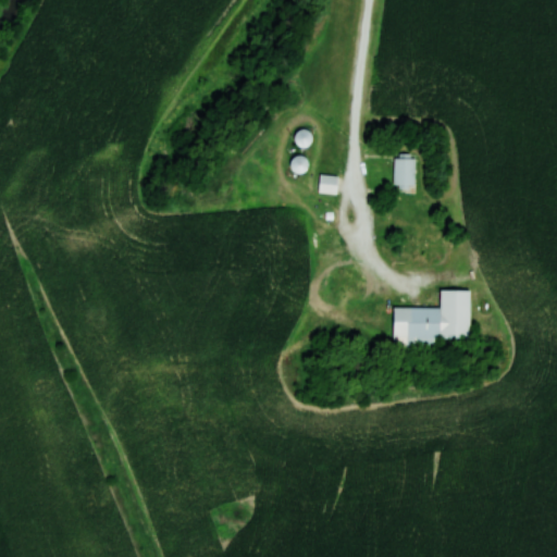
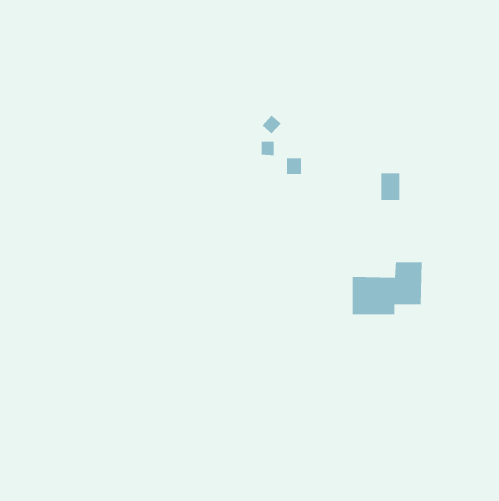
building: [394,157,416,187] -> [381,173,400,200]

